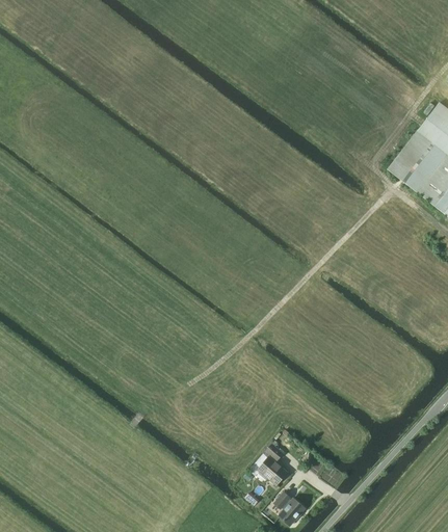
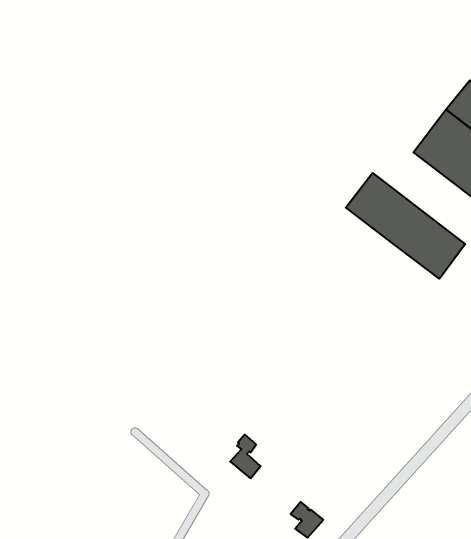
building: none -> [346,173,465,279]
building: [259,444,287,484] -> [230,435,261,478]

